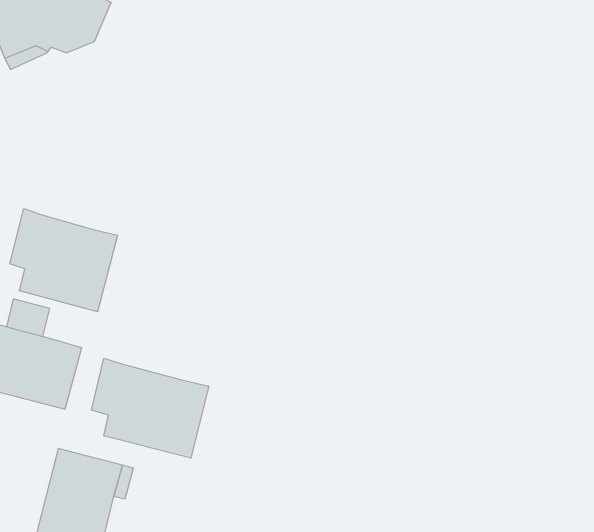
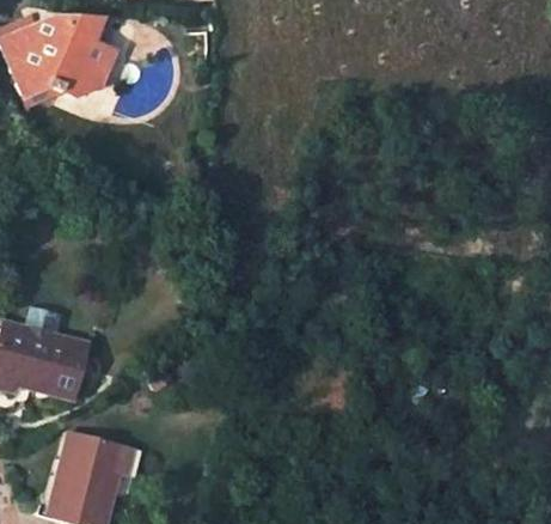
building: [10,209,118,312] -> none
building: [92,358,209,458] -> none

